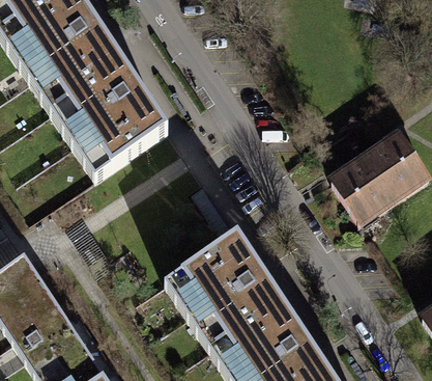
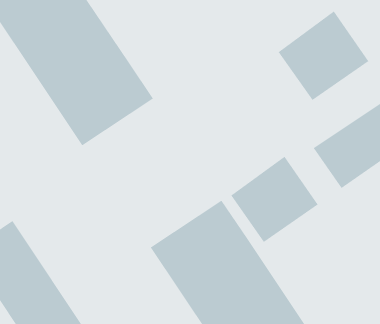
building: none -> [278,11,369,101]
building: none -> [231,156,318,243]

